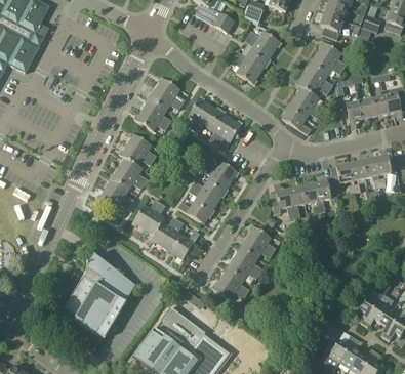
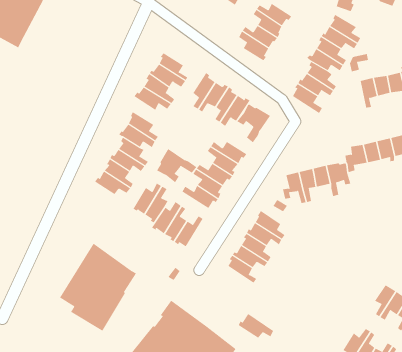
building: none -> [236,104,271,143]
building: none -> [157,148,197,183]
building: [212,277,246,300] -> [238,313,274,338]

